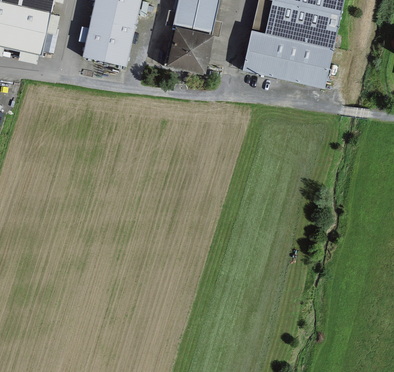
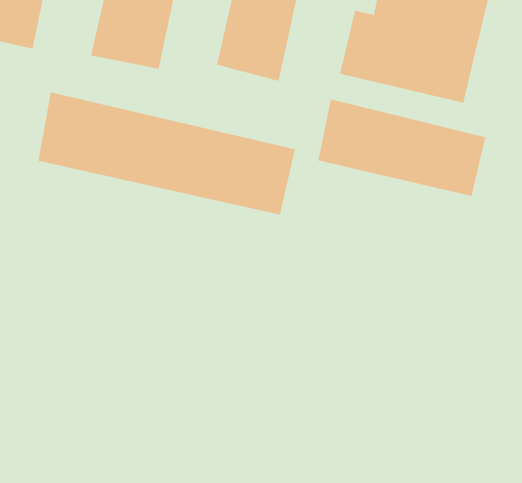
building: none -> [38,91,296,216]
building: none -> [318,98,486,197]

